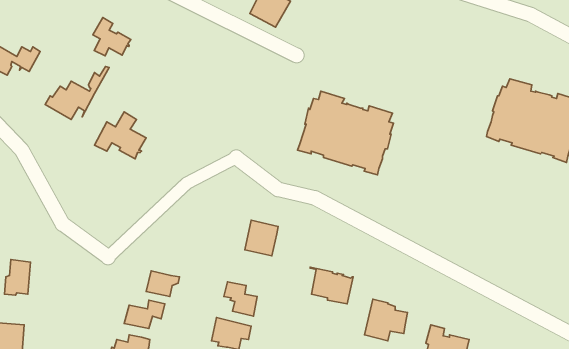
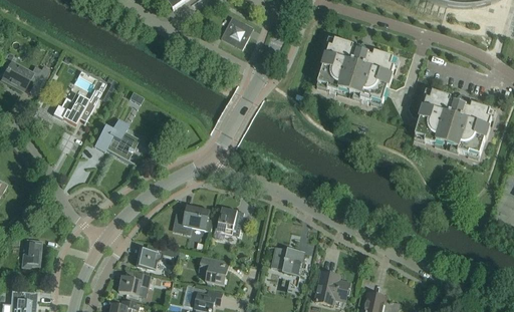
building: [93,17,131,56] -> none
building: [298,91,394,175] -> [316,38,395,106]
building: none -> [175,205,213,232]

